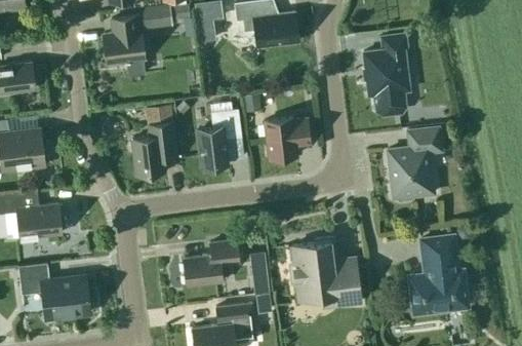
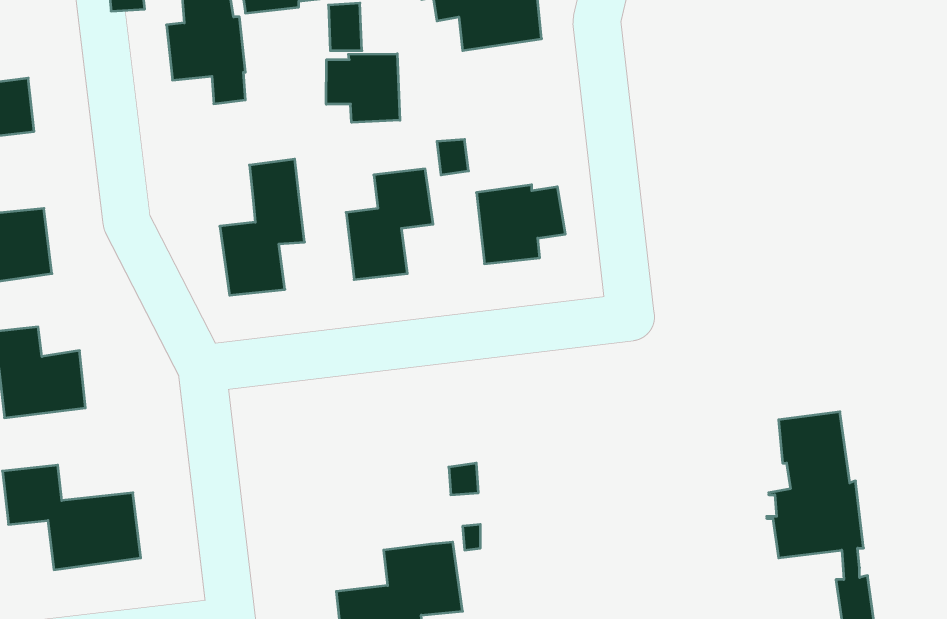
building: [364,34,409,115] -> none
building: none -> [326,54,400,122]
building: [388,126,442,200] -> none
building: [291,237,361,306] -> none
building: [184,240,238,285] -> none

